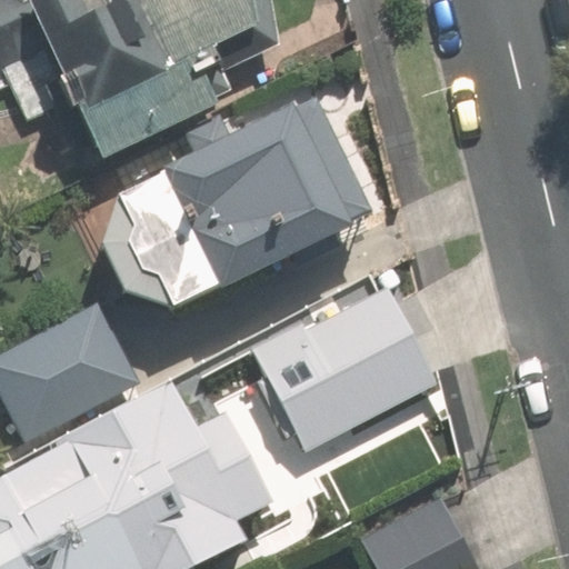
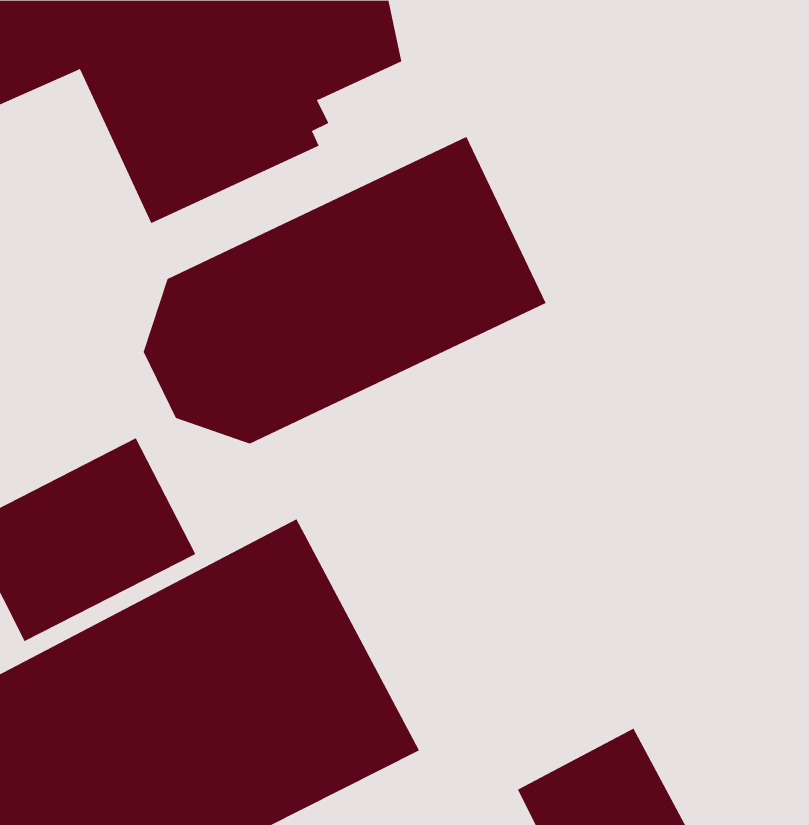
building: [296,296,439,437] -> none

